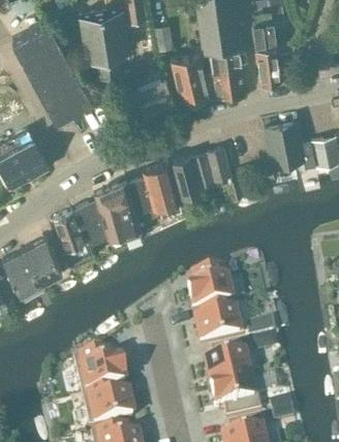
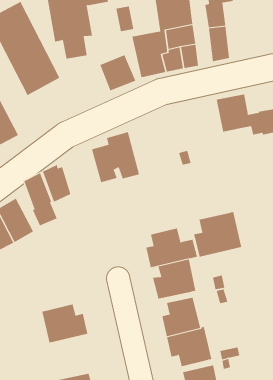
building: [173,149,230,194] -> none
building: [93,181,142,246] -> none
building: none -> [194,211,242,257]
building: [81,387,132,432] -> none

